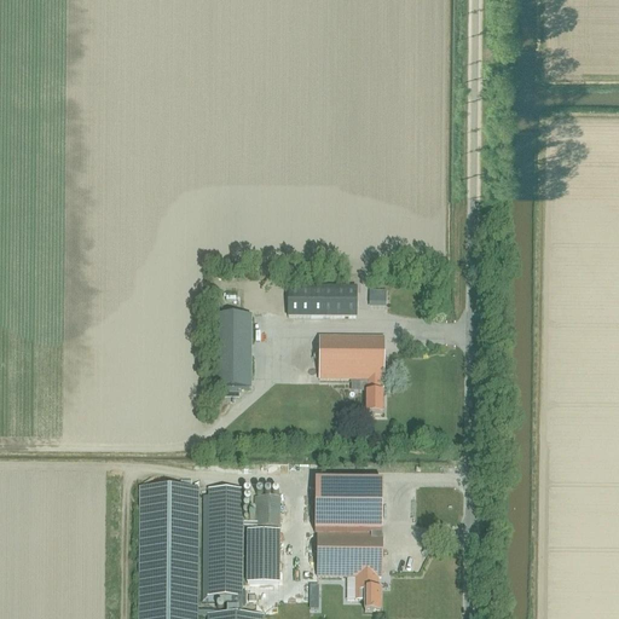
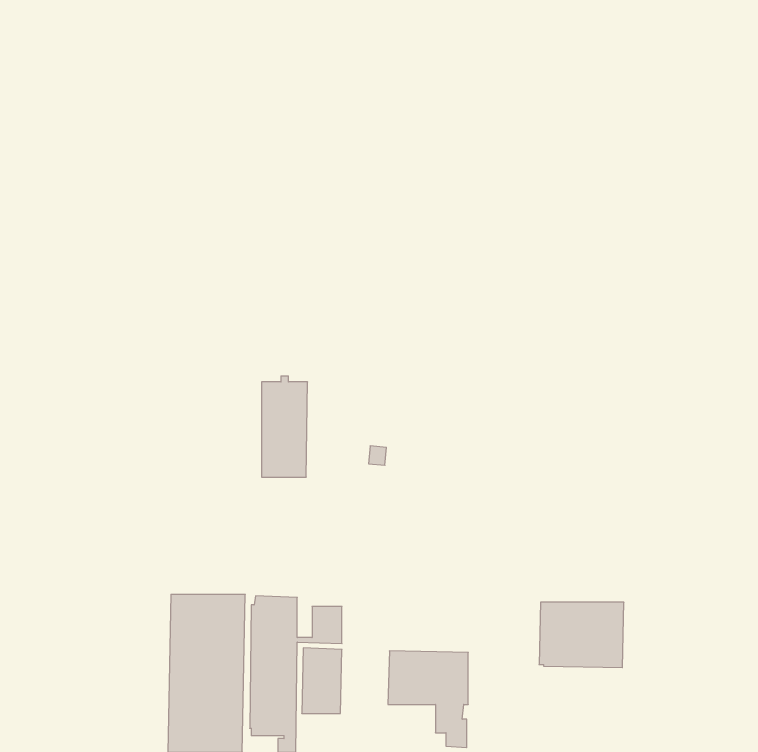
building: [288,282,357,314] -> none
building: [319,332,384,410] -> none
building: [314,478,383,531] -> [539,602,624,668]

